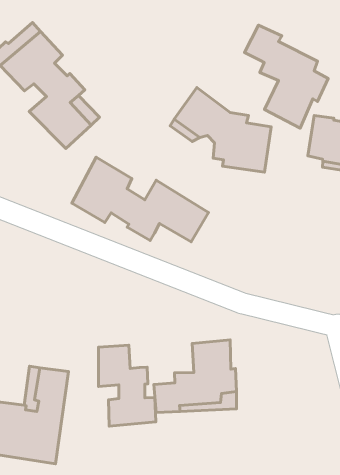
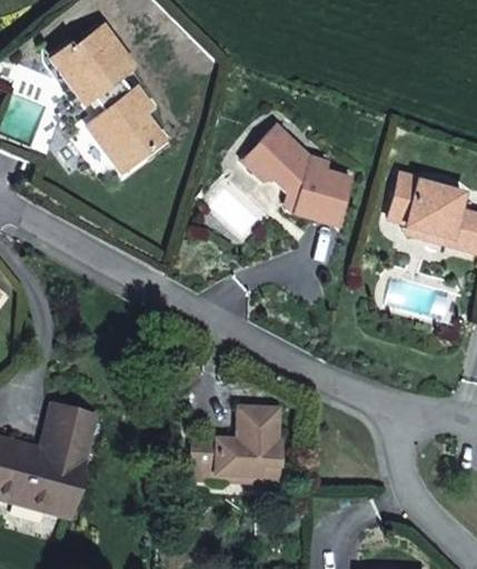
building: [244,25,328,128] -> none
building: [72,157,208,242] -> none
building: [98,345,156,426] -> none

